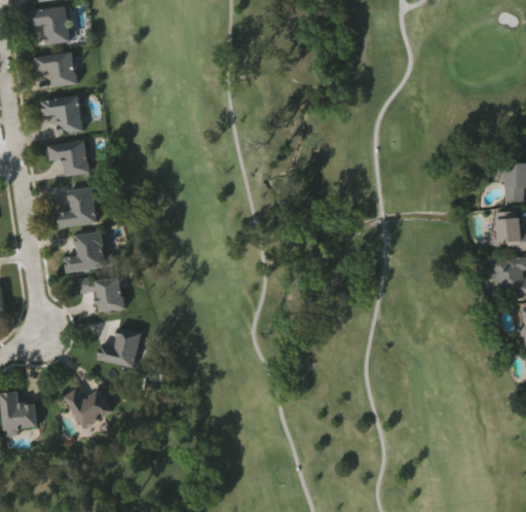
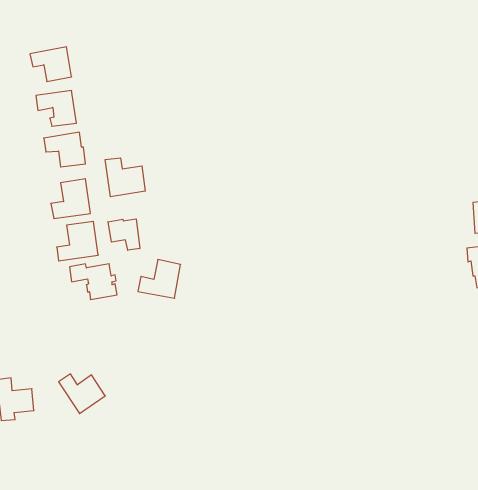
building: [29,6,71,43] -> none
building: none -> [105,158,145,197]
building: none -> [108,219,140,250]
building: [98,329,142,369] -> [138,260,181,298]

